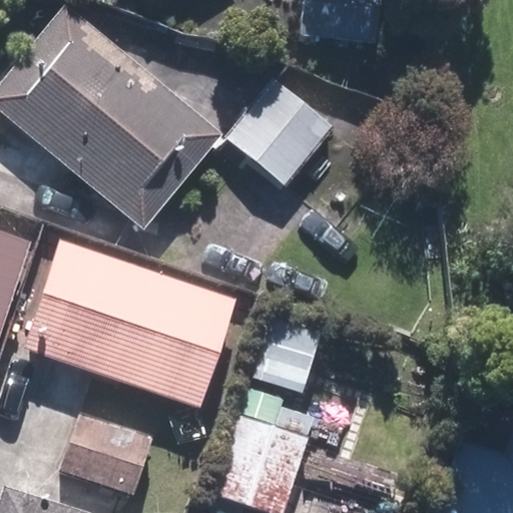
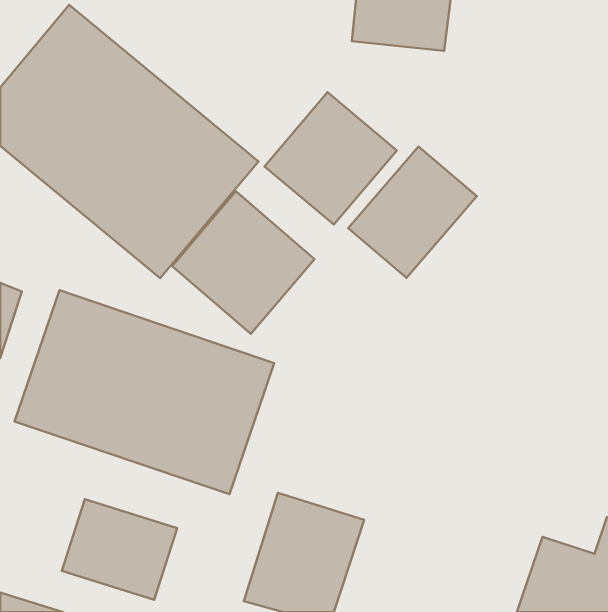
building: none -> [348,146,477,278]
building: none -> [172,191,315,334]

